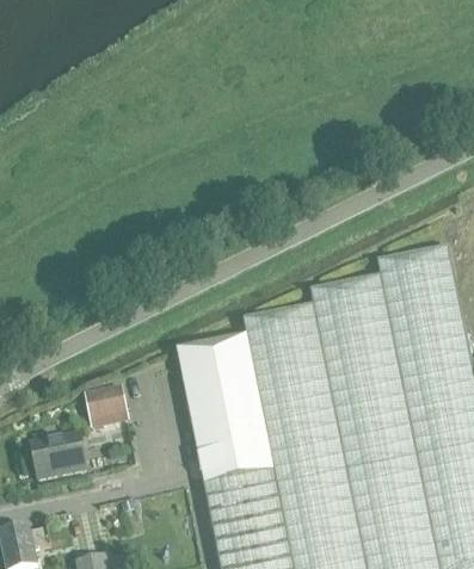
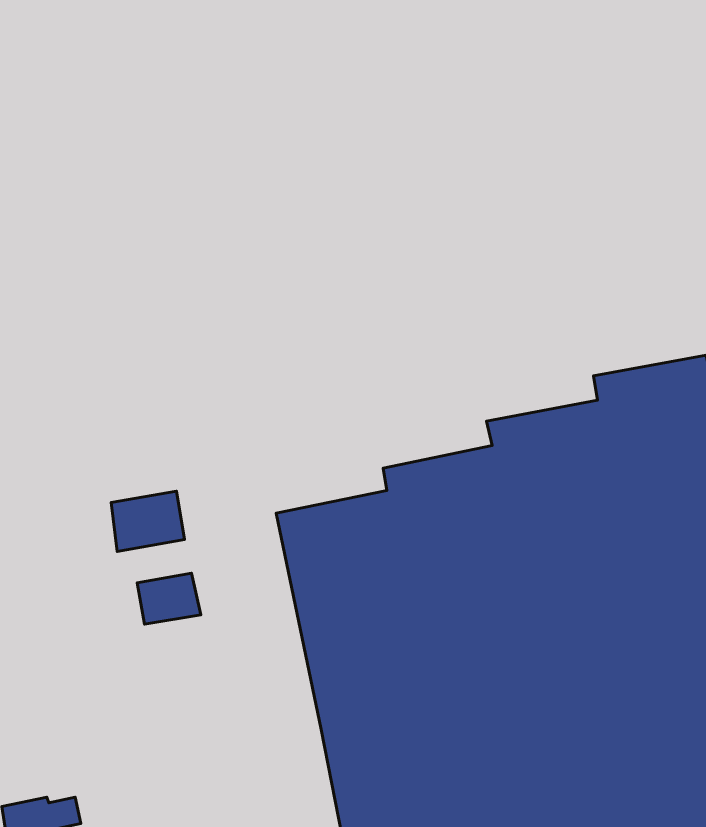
building: none -> [111,491,184,551]
building: [31,433,88,481] -> none

